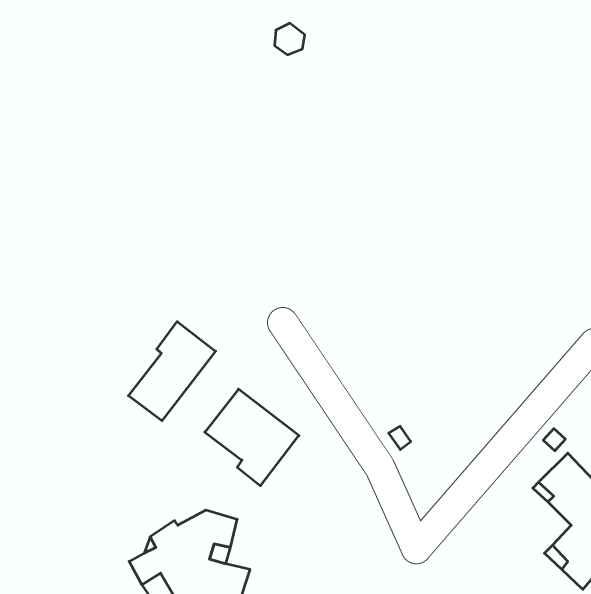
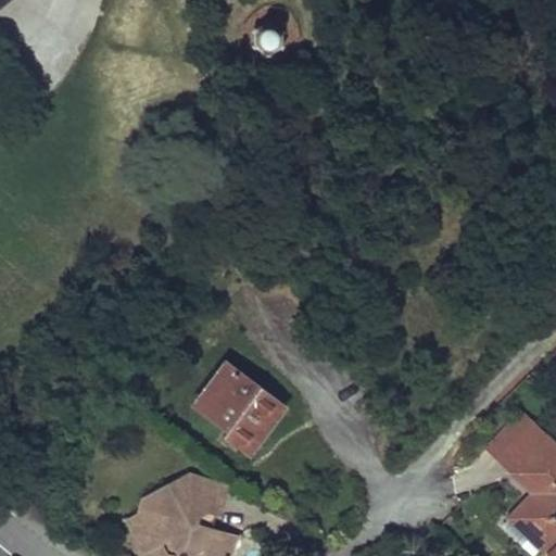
building: [128,322,216,421] -> none

